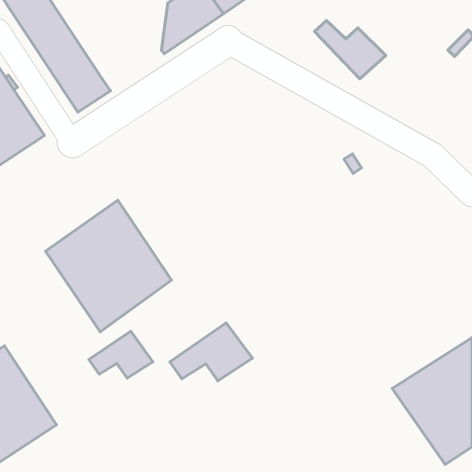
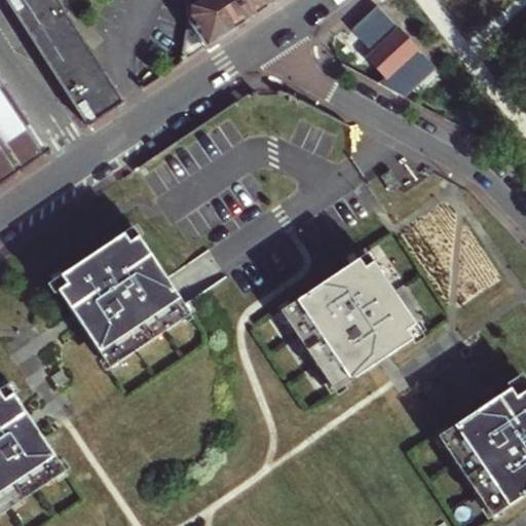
building: none -> [276,240,436,393]
building: [170,323,252,381] -> none
building: [89,331,153,378] -> none

